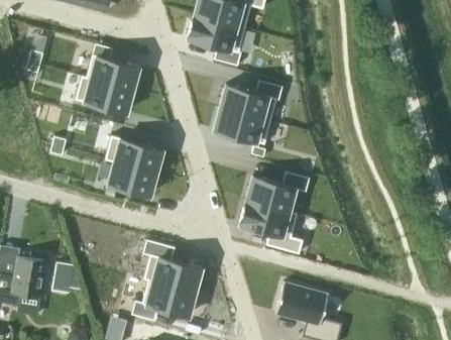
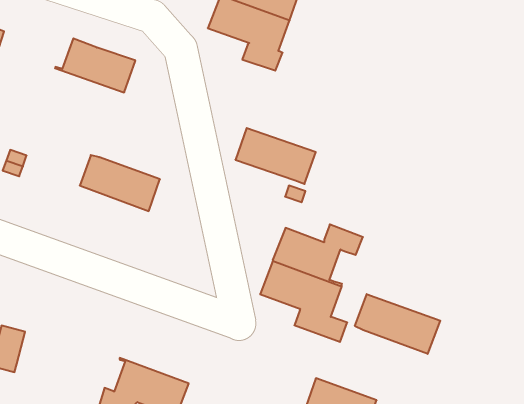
building: [76,77,132,113] -> none
building: [221,80,283,121] -> none
building: [105,158,156,196] -> none
building: none -> [355,294,440,354]
building: [143,240,201,293] -> none

